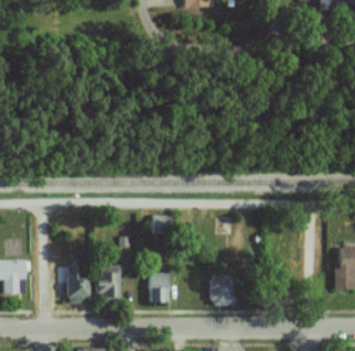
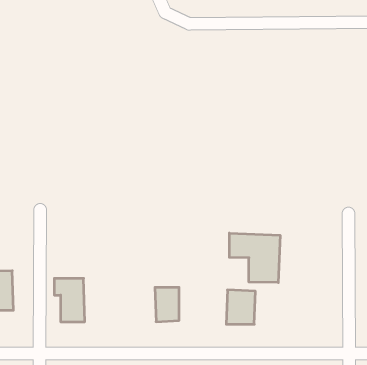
building: none -> [229,233,280,283]
building: [94,265,119,296] -> none

